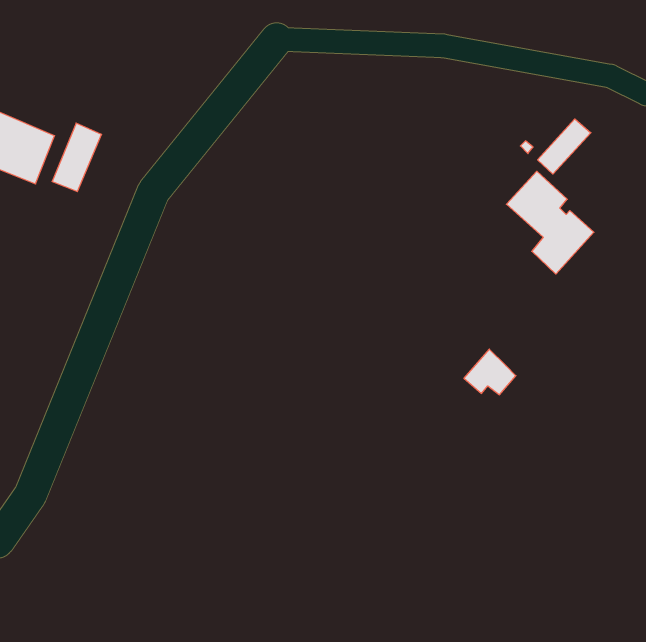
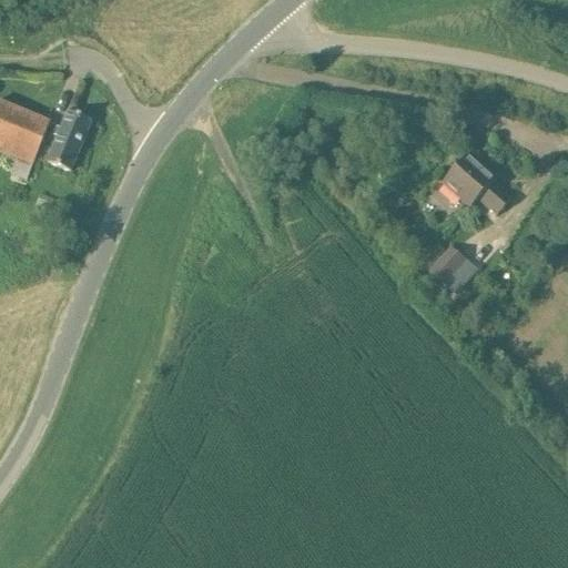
building: [538,119,591,174] -> none
building: [464,349,516,395] -> [427,243,473,283]

